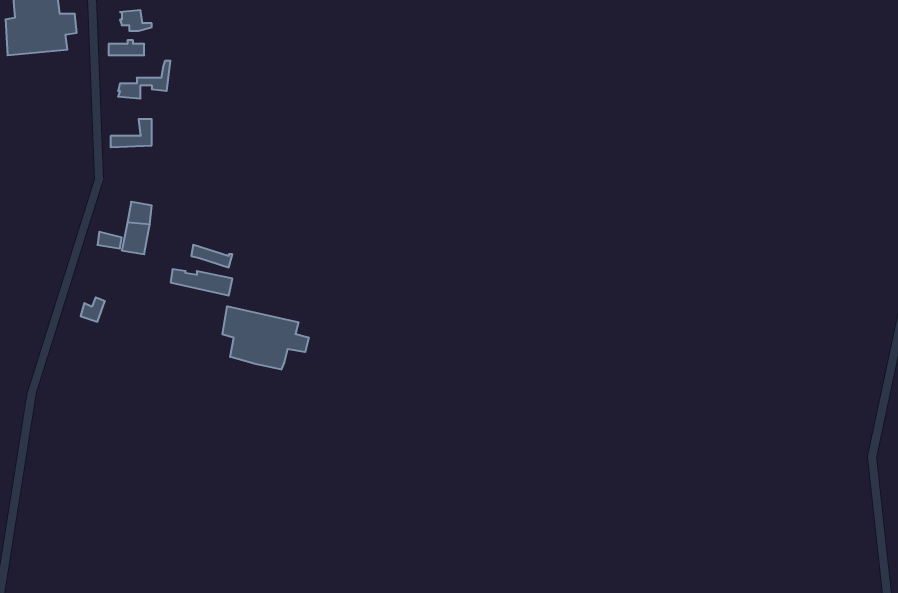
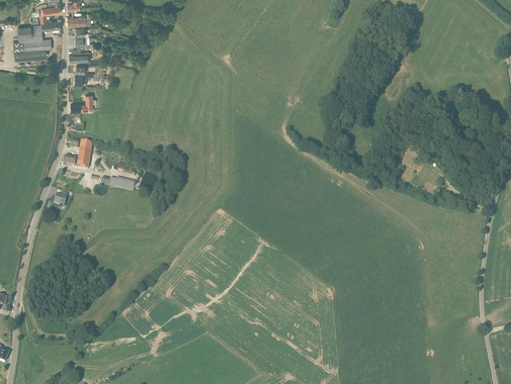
building: [223,306,309,370] -> none

